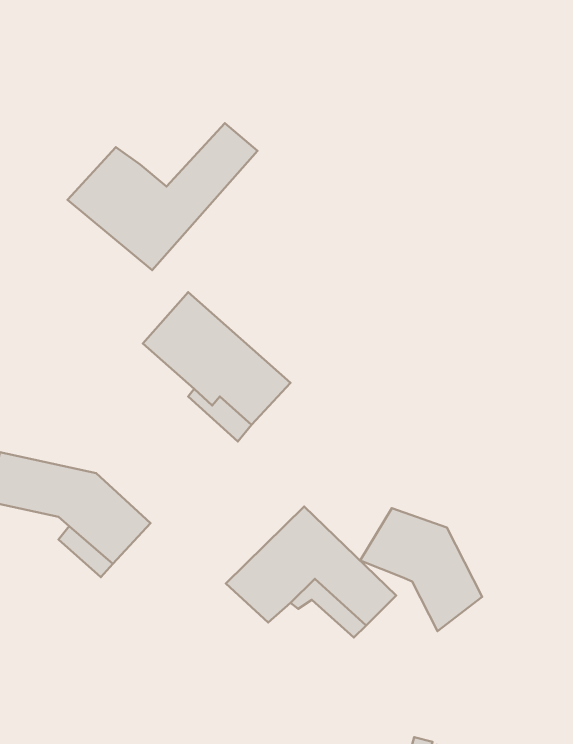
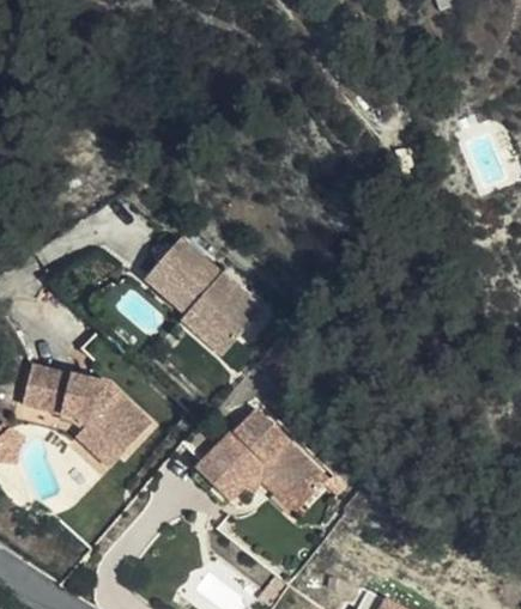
building: [67,123,258,270] -> none
building: [360,508,482,631] -> none

